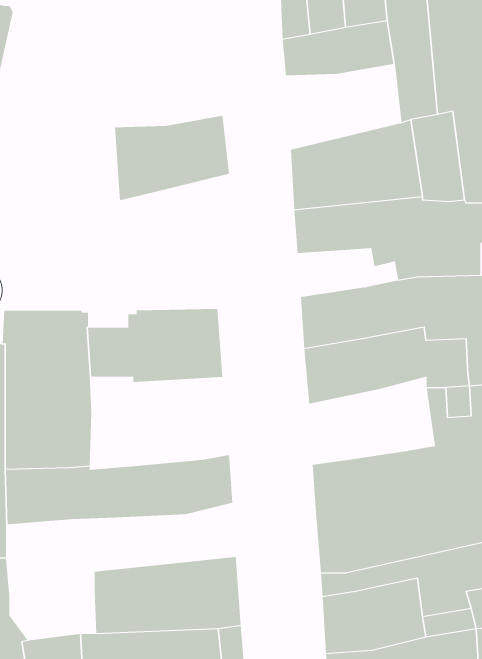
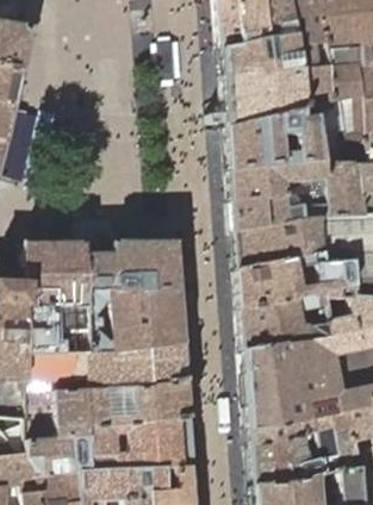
building: [114,115,230,201] -> [224,67,306,127]
building: none -> [232,198,304,232]
building: none -> [86,289,185,355]
building: none -> [241,289,330,351]
building: none -> [26,379,189,476]

